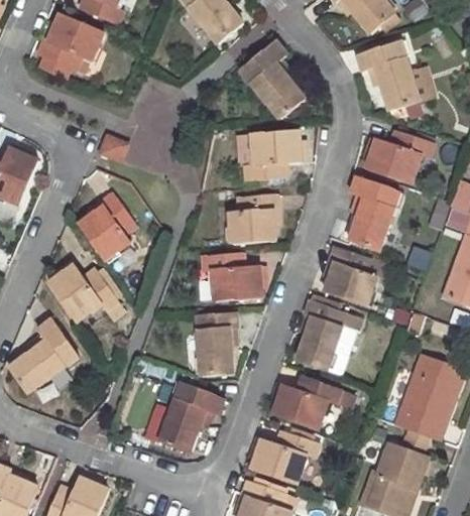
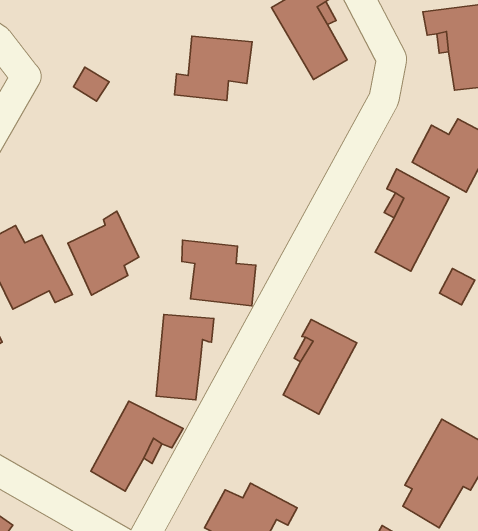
building: [245,129,300,178] -> [174,36,252,100]
building: [80,192,135,259] -> [68,211,139,295]
building: [231,194,277,242] -> none
building: [326,247,375,304] -> none
building: [273,376,340,428] -> none

